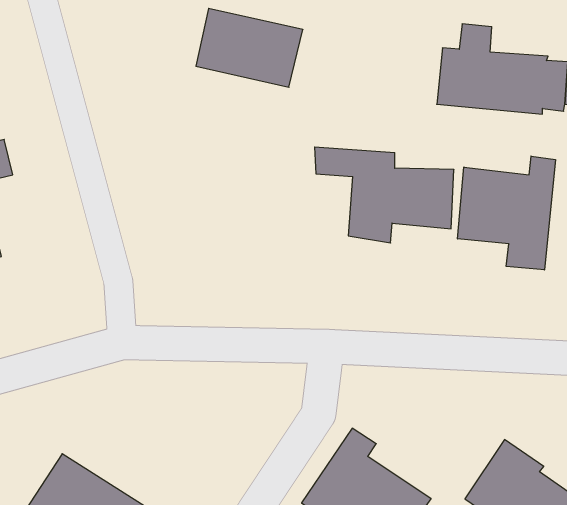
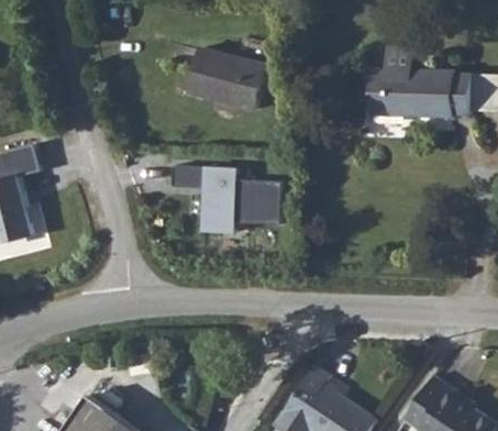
building: [315,147,454,243] -> [175,165,284,240]
building: [458,156,555,270] -> none

